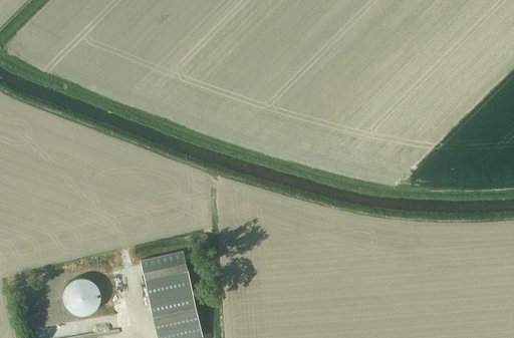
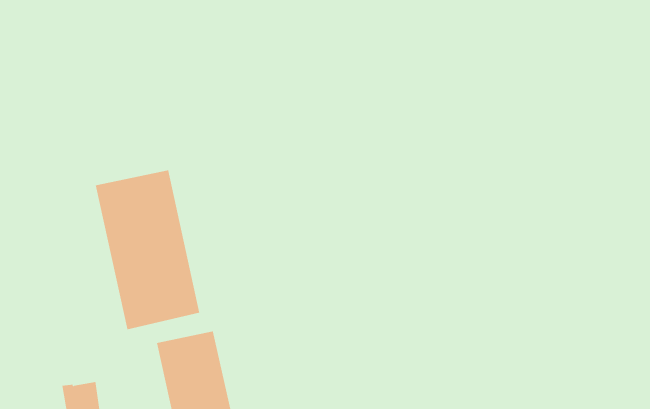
building: none -> [95,170,200,330]

